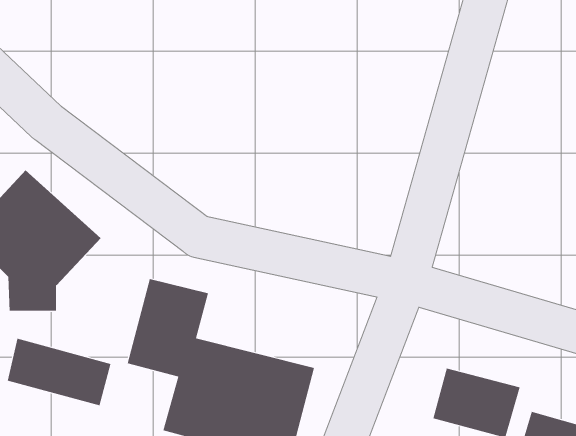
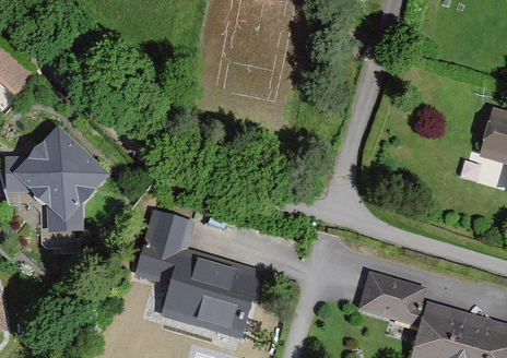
building: [7,338,111,406] -> none

